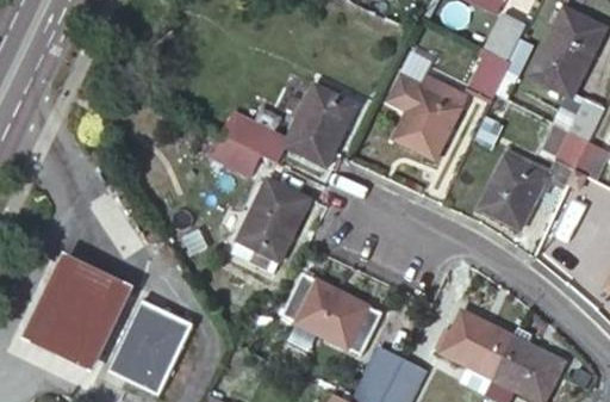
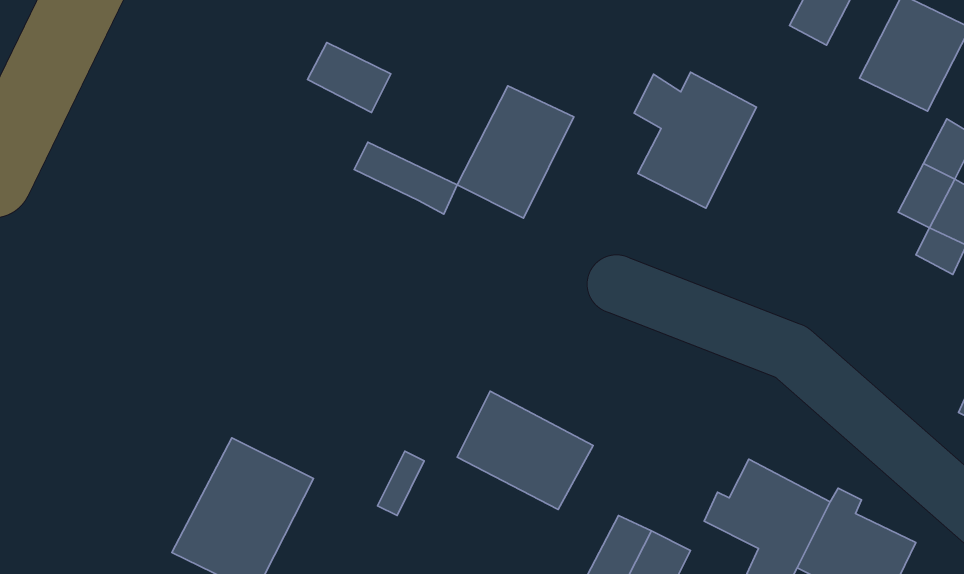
building: [468,50,511,101] -> none
building: [208,134,260,177] -> [307,43,391,113]
building: [479,155,546,228] -> none
building: [229,178,307,272] -> none
building: [24,258,133,371] -> none

